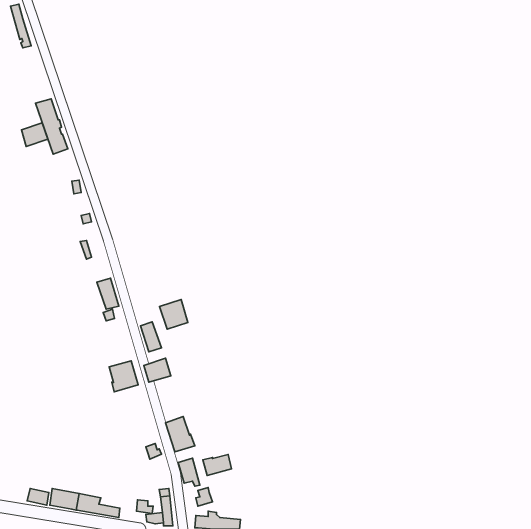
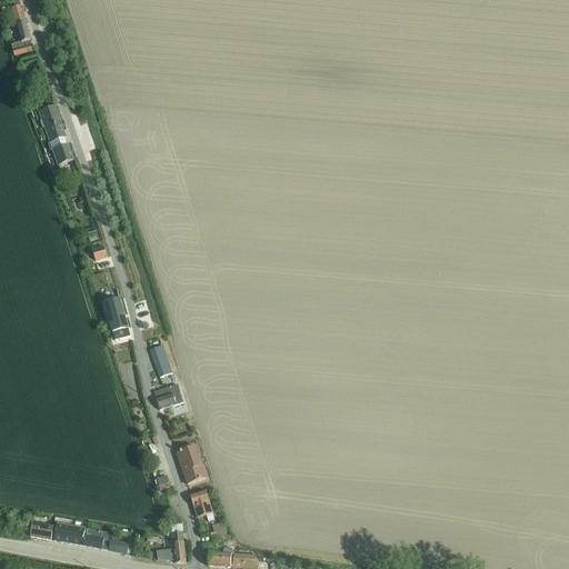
building: [21,123,48,147] -> none
building: [160,299,188,329] -> none
building: [109,361,138,392] -> none
building: [203,454,232,475] -> none

